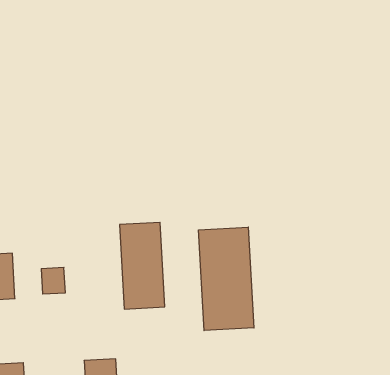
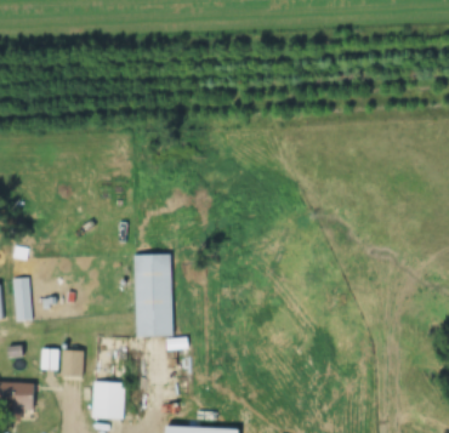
building: [199,227,254,331] -> none
building: [41,267,65,294] -> [59,351,81,375]

